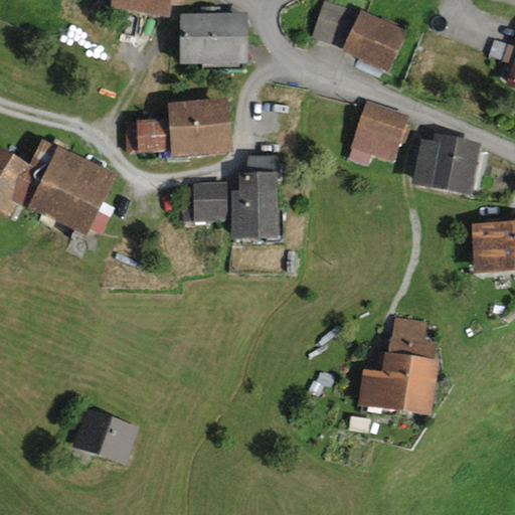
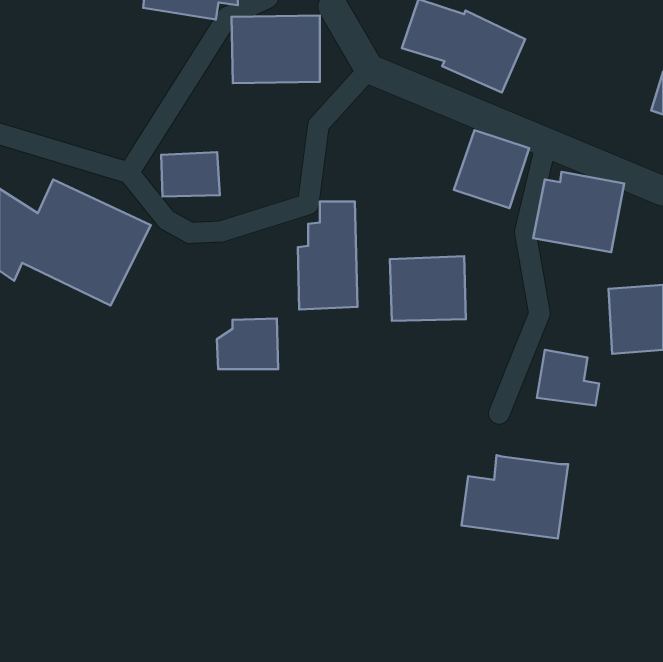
building: [166,98,232,157] -> none
building: [180,181,227,220] -> [217,319,278,369]
building: none -> [390,256,466,321]
building: [388,316,437,359] -> [537,350,599,406]
building: [70,405,140,465] -> none

